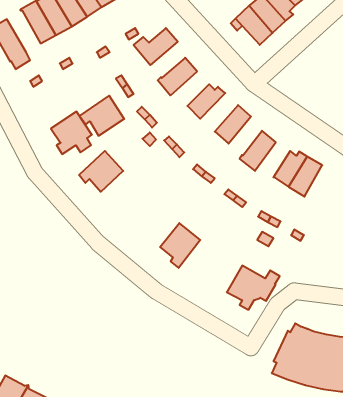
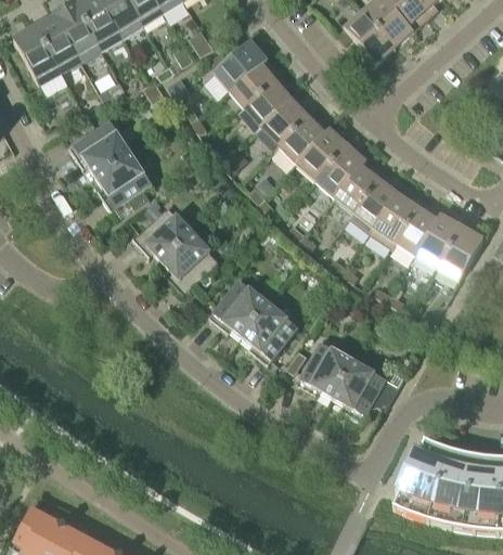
building: none -> [35,15,80,72]
building: none -> [229,57,275,106]
building: none -> [256,98,308,150]
building: none -> [296,127,347,179]
building: [79,96,124,136] -> [68,120,129,175]
building: none -> [334,158,379,211]
building: none -> [370,193,417,246]
building: none -> [437,224,482,279]
building: none -> [162,232,218,293]
building: none -> [208,279,268,335]
building: none -> [296,341,352,396]

